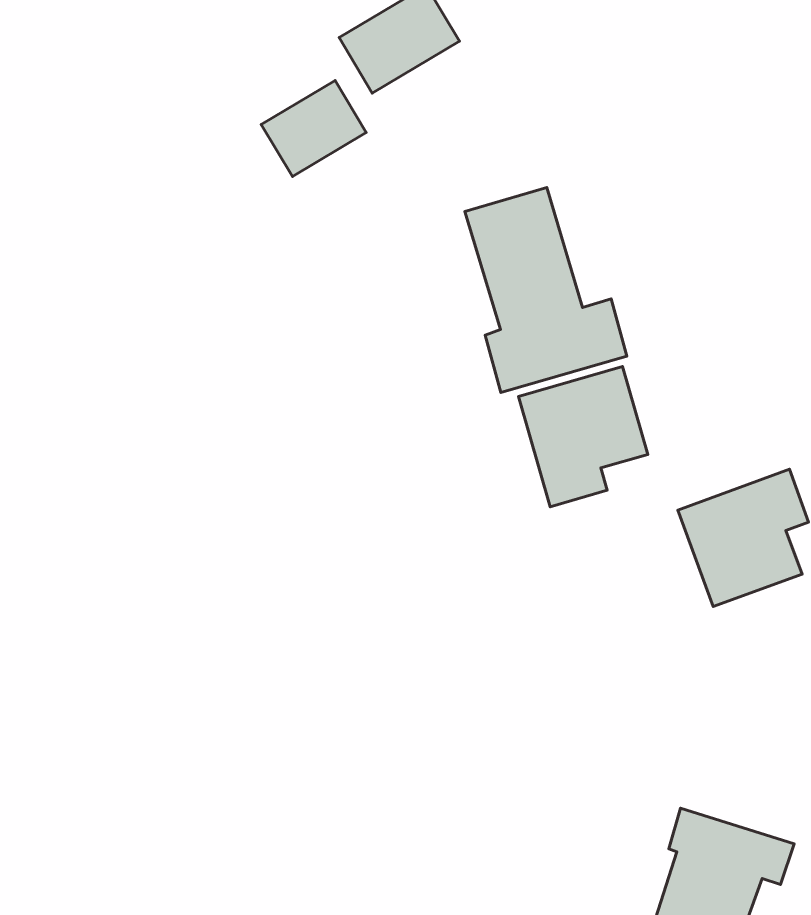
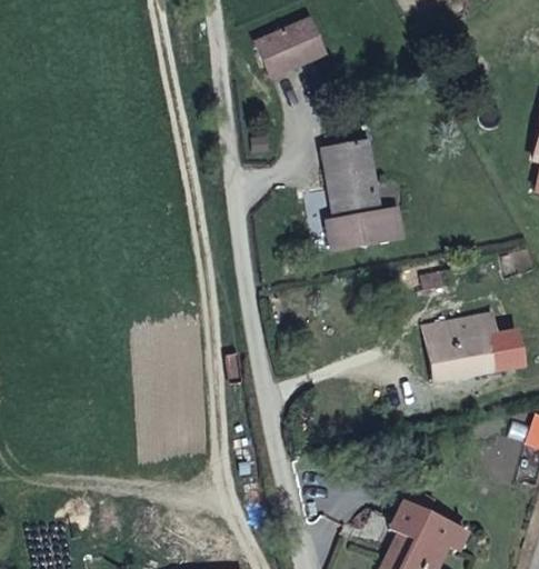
building: [261,81,366,176] -> none
building: [519,367,648,507] -> none

